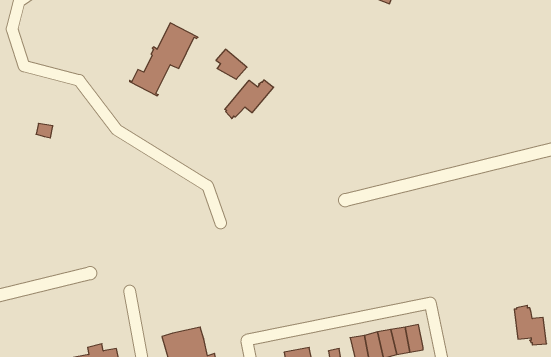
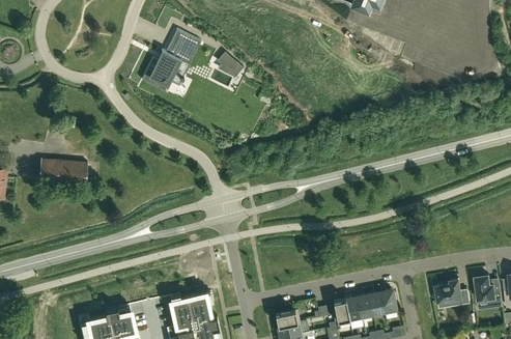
building: [225,80,274,119] -> none
building: none -> [39,160,87,185]
building: none -> [435,280,470,305]

